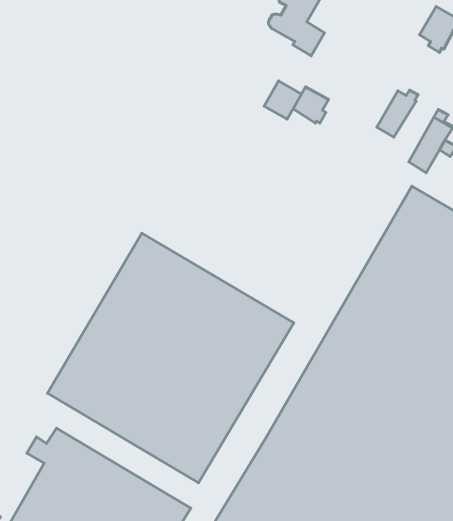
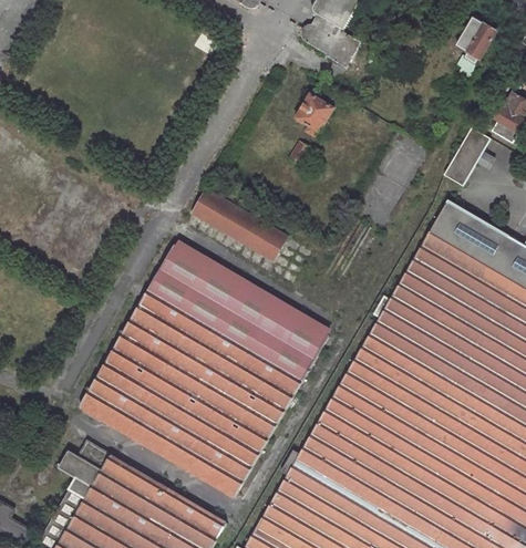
building: [293,87,328,123] -> none
building: [377,90,418,137] -> none
building: none -> [194,189,288,260]

